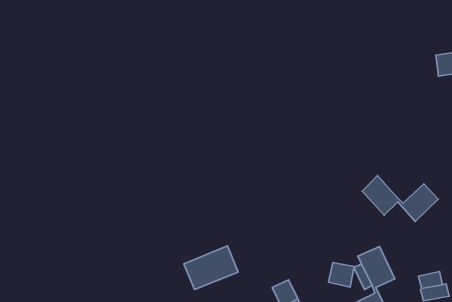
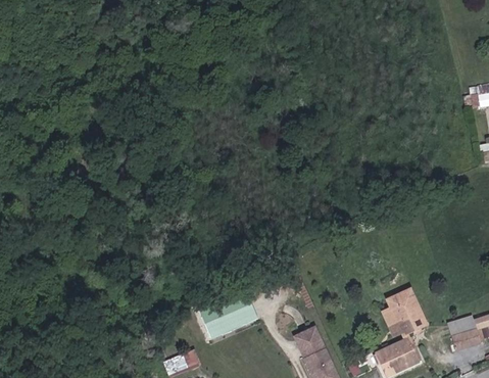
building: [362,175,438,221] -> none
building: [328,263,354,287] -> none

